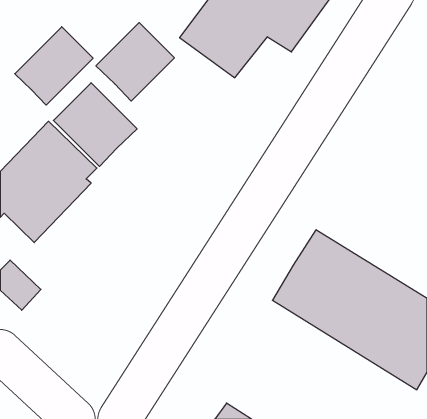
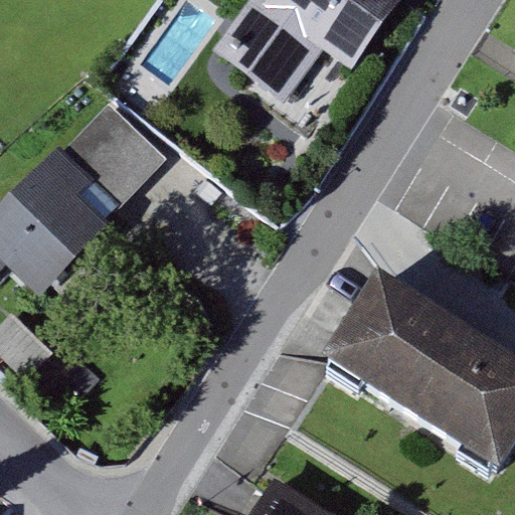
building: [96,23,174,101] -> none
building: [15,27,93,105] -> none

